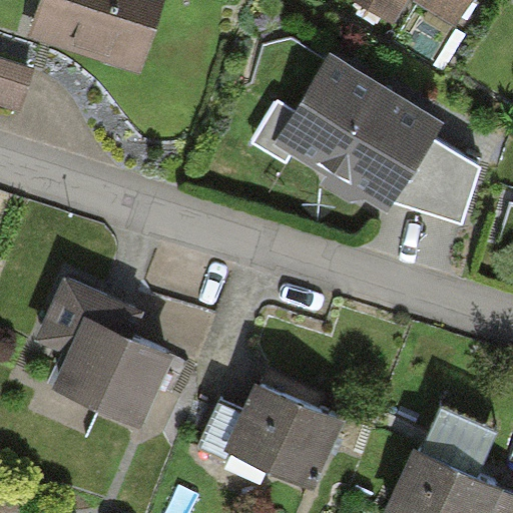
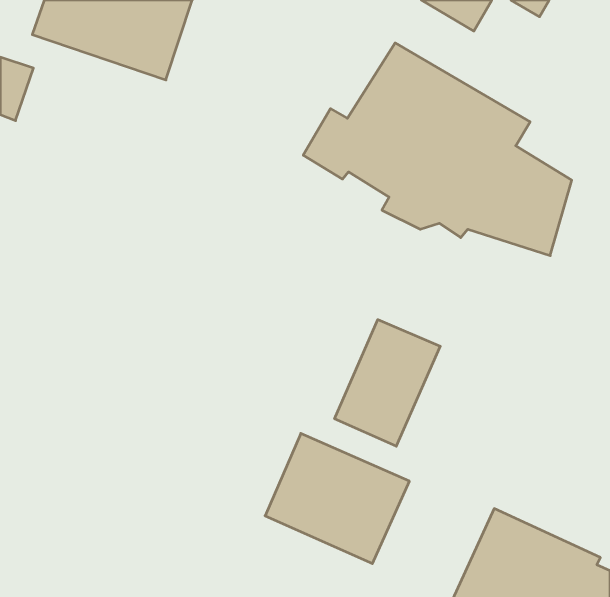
building: [36,275,173,428] -> none
building: none -> [335,320,440,446]

